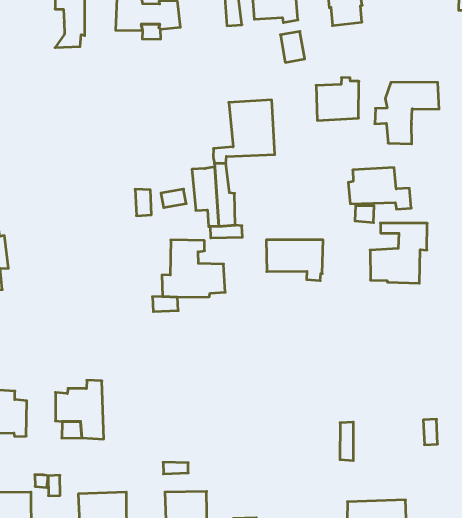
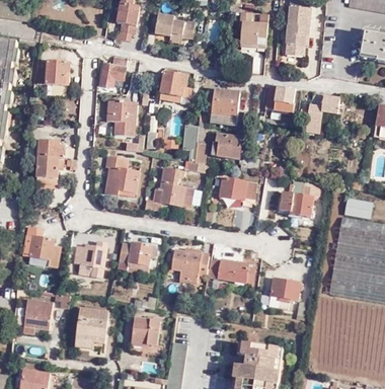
building: none -> [99,58,126,88]
building: none -> [160,70,189,100]
building: none -> [104,100,132,137]
building: [348,168,411,209] -> [212,135,249,164]
building: none -> [104,156,138,194]
building: none -> [170,249,208,283]
building: none -> [115,242,158,275]
building: none -> [210,259,254,283]
building: none -> [266,279,299,311]

